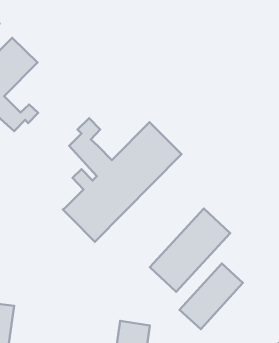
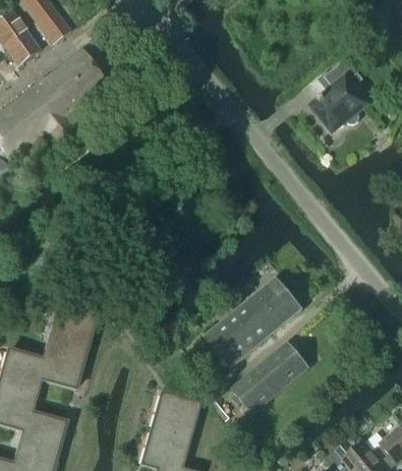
building: none -> [312,56,368,130]
building: [63,118,181,242] -> none
building: none -> [43,305,97,387]

